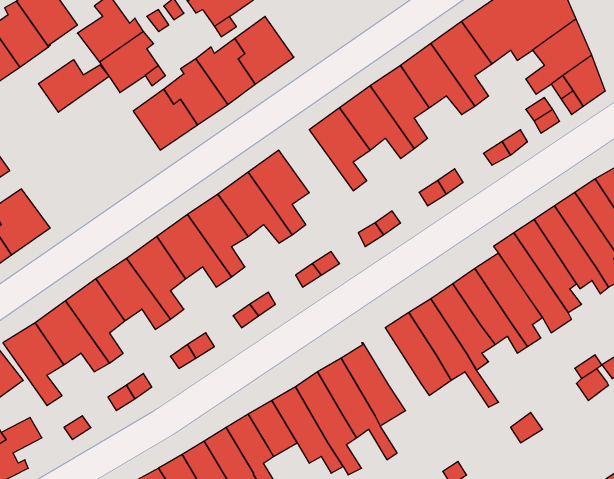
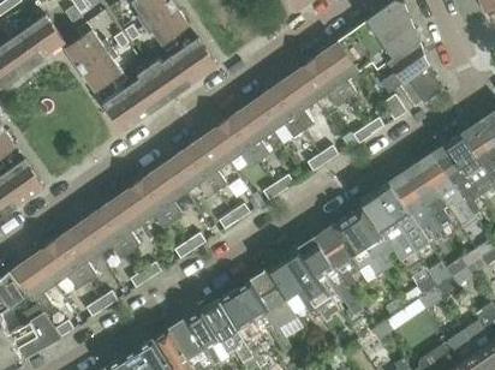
building: [39,60,109,112] -> none
building: none -> [207,118,260,168]
building: none -> [267,258,318,318]

